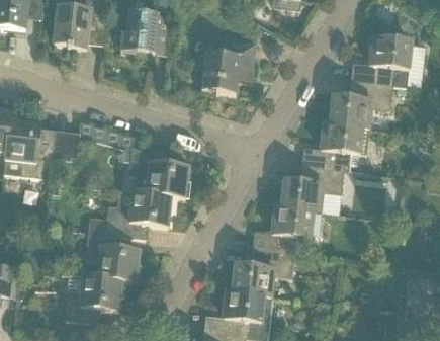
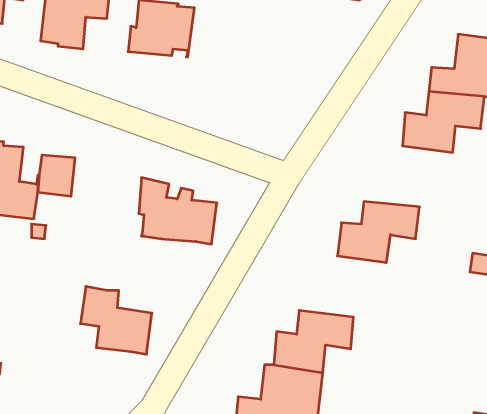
building: [202,37,256,92] -> none
building: [301,121,369,168] -> none
building: [105,190,173,237] -> none
building: [252,204,324,252] -> none
building: [65,273,123,320] -> none

